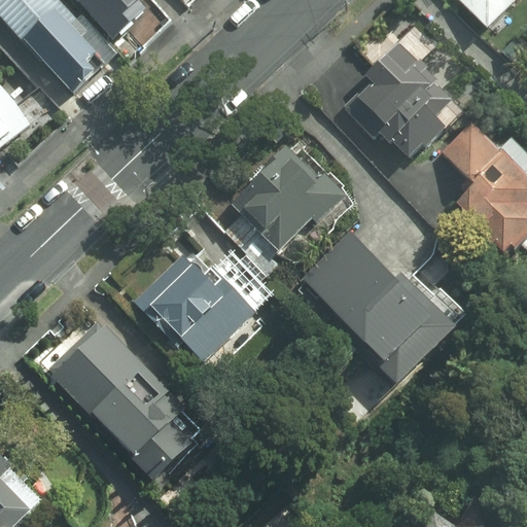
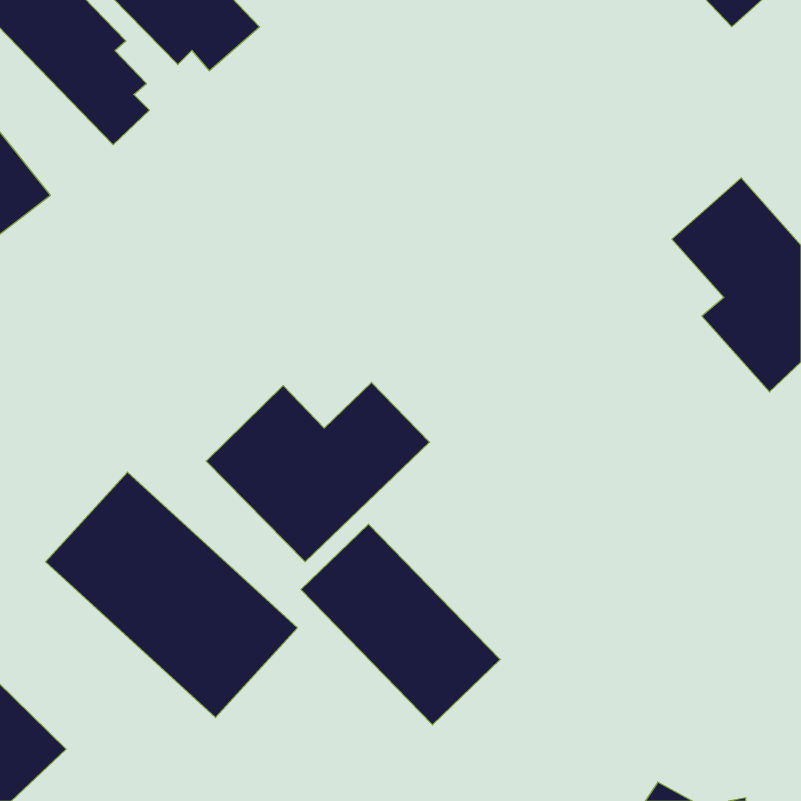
building: [346,47,457,151] -> none
building: [231,141,344,253] -> none
building: [303,226,459,383] -> none
building: none -> [301,524,500,725]

